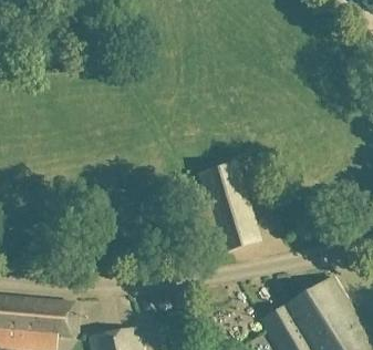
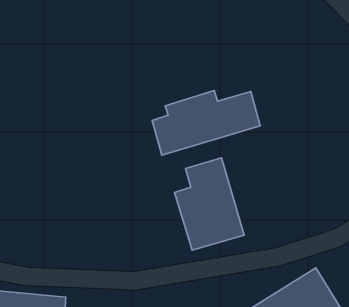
building: none -> [152,91,260,155]

